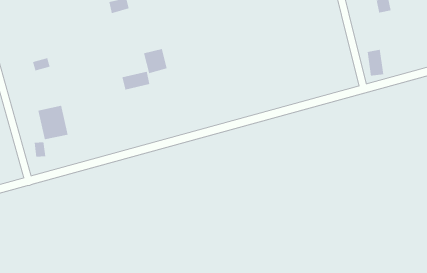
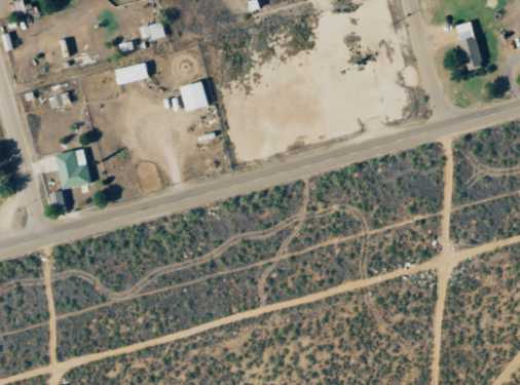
building: [367,49,384,76] -> [460,38,481,70]
building: [121,71,150,90] -> [114,63,148,85]

